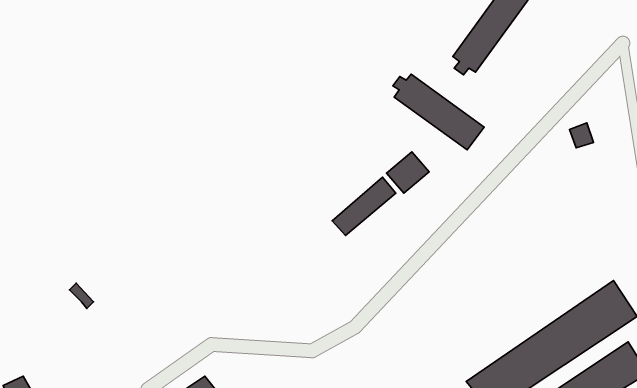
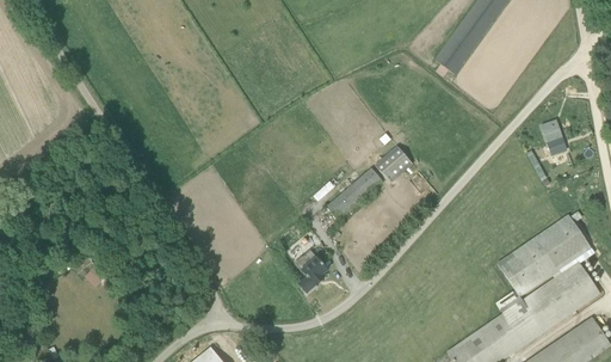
building: [393,74,484,150] -> none
building: none -> [498,215,591,296]
building: none -> [295,250,327,293]

